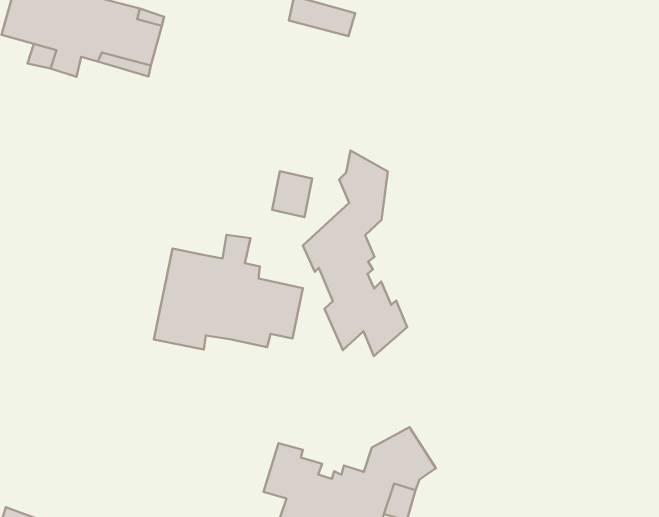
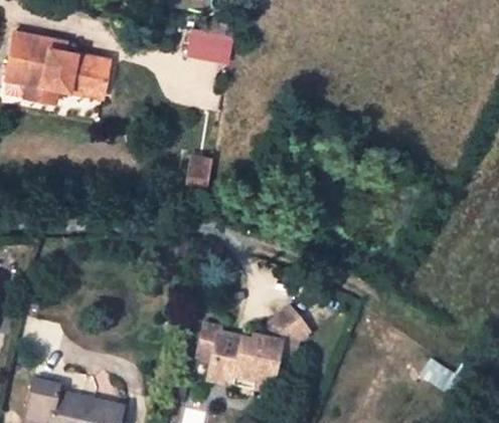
building: [303,151,407,356] -> none
building: [154,235,303,350] -> none

